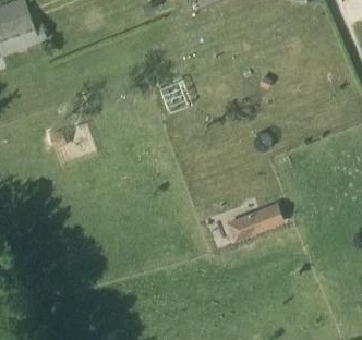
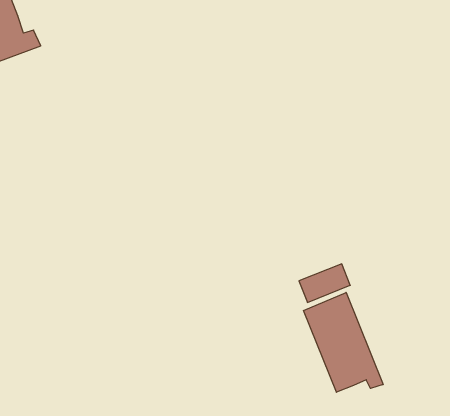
building: none -> [304,292,383,392]

